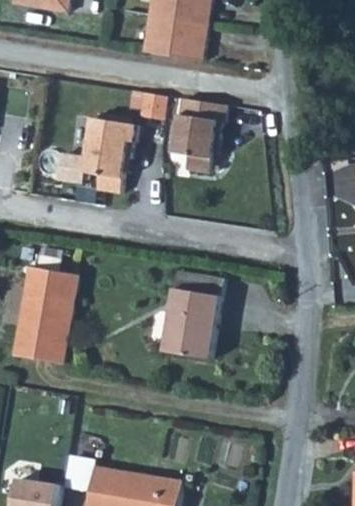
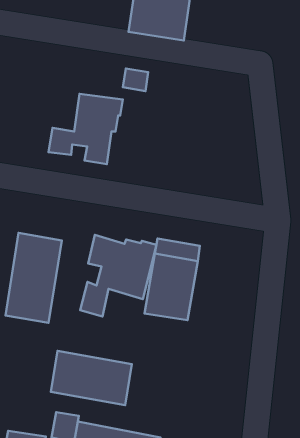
building: [175,97,228,172] -> none
building: none -> [80,235,156,317]
building: none -> [51,351,132,405]

